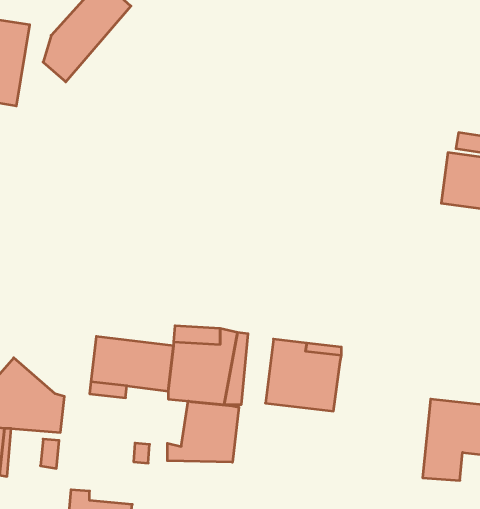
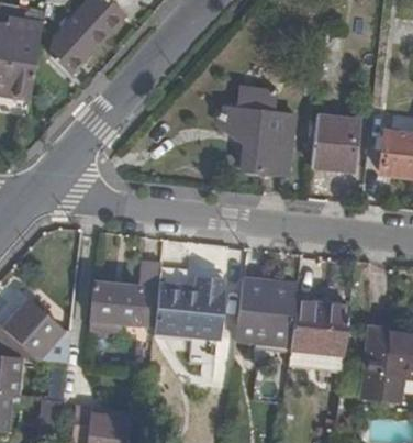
building: none -> [217,88,293,175]
building: none -> [311,113,356,168]
building: none -> [291,302,349,356]
building: [167,401,239,462] -> none

